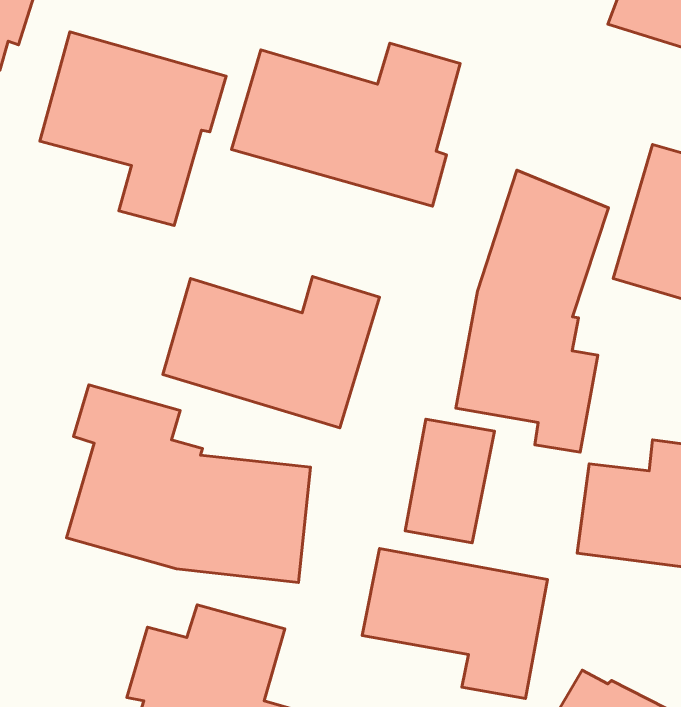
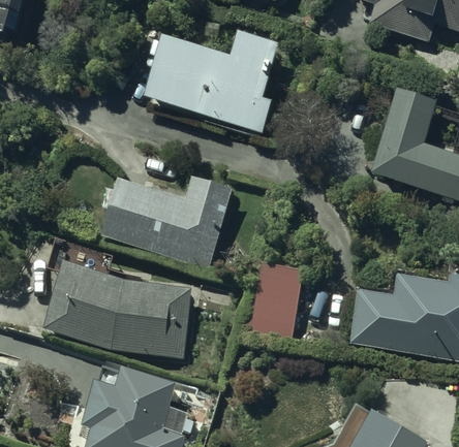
building: [40,32,226,226] -> none
building: [456,170,608,452] -> none
building: [362,548,547,698] -> none

